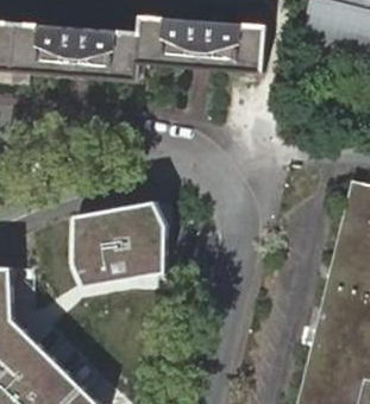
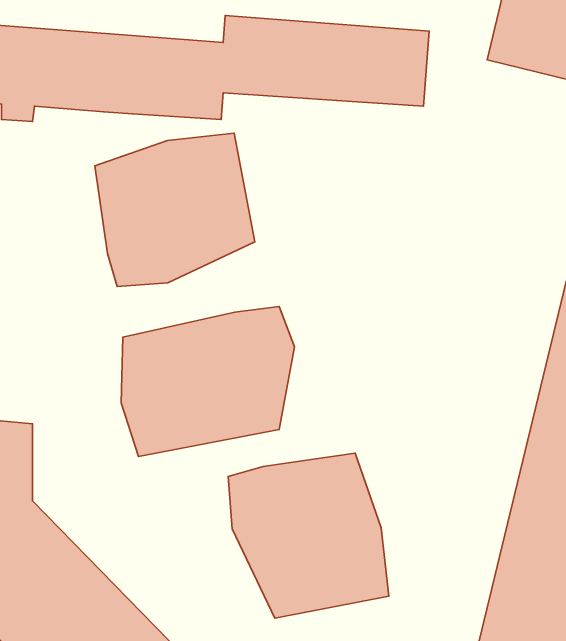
building: none -> [95,133,255,287]
building: none -> [228,453,389,618]

